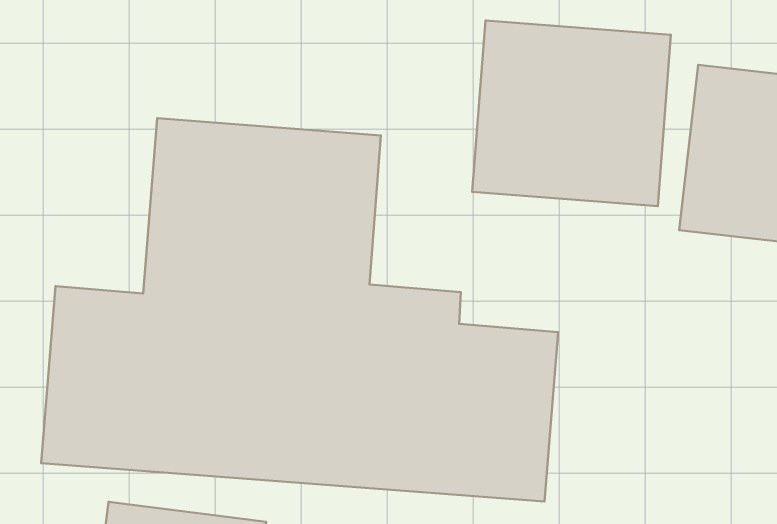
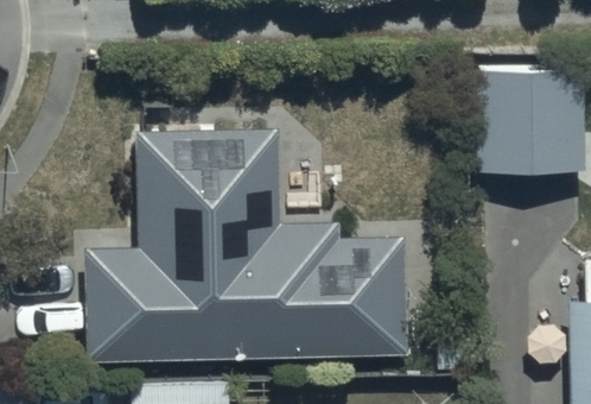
building: [472,21,671,206] -> none

